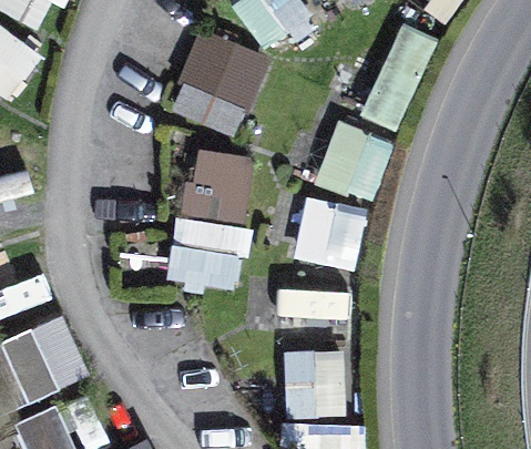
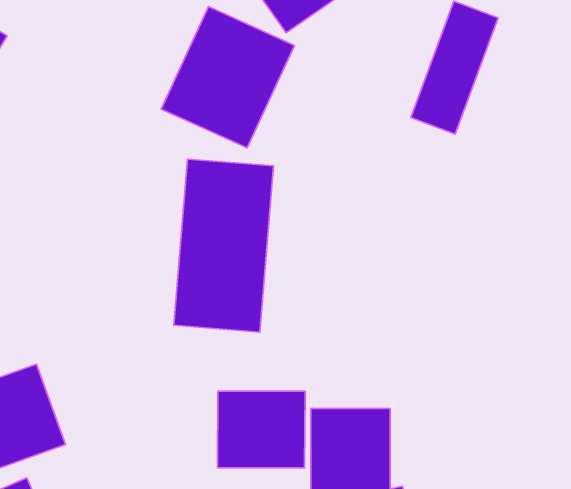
building: [315,123,392,205] -> none
building: [293,194,368,272] -> none
building: none -> [217,391,305,468]

